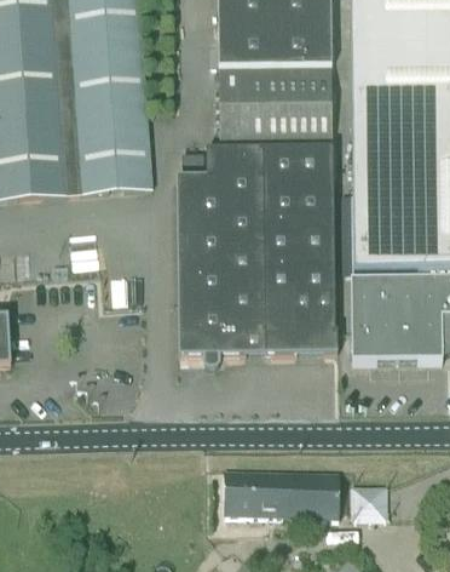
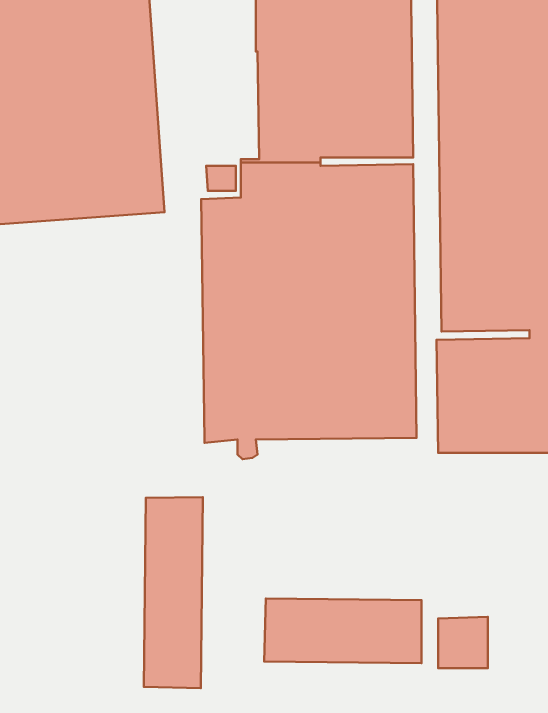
building: none -> [144,497,203,688]

